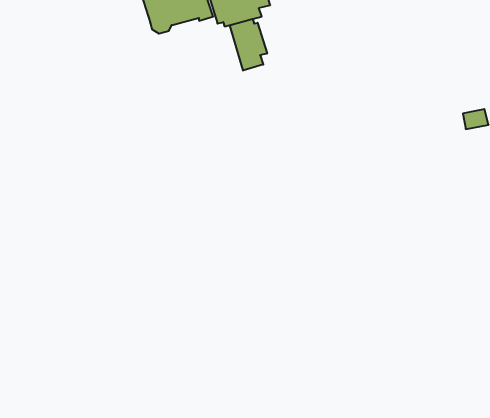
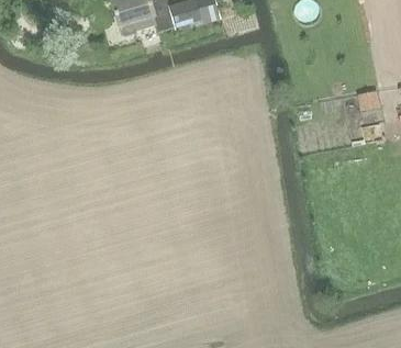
building: [230,19,267,71] -> none

